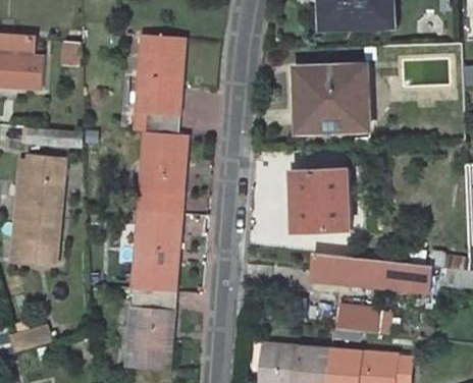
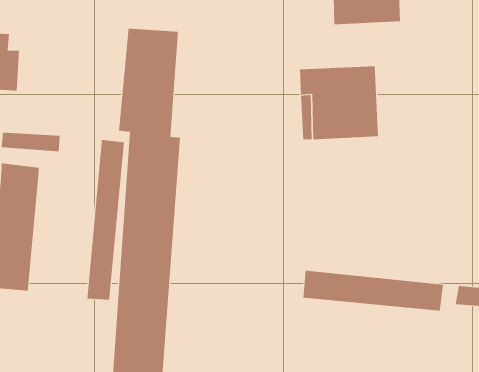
building: none -> [87,139,124,301]
building: [297,169,354,231] -> none
building: [336,310,379,335] -> none

